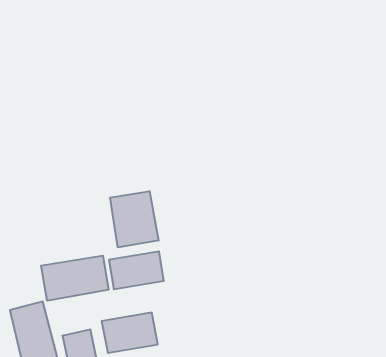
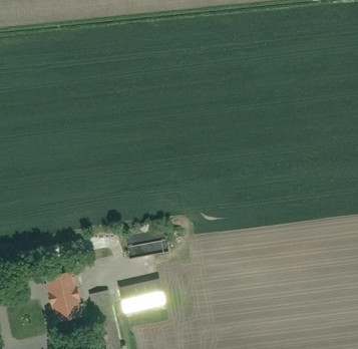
building: [110,191,159,247] -> none
building: [41,256,108,301] -> none

